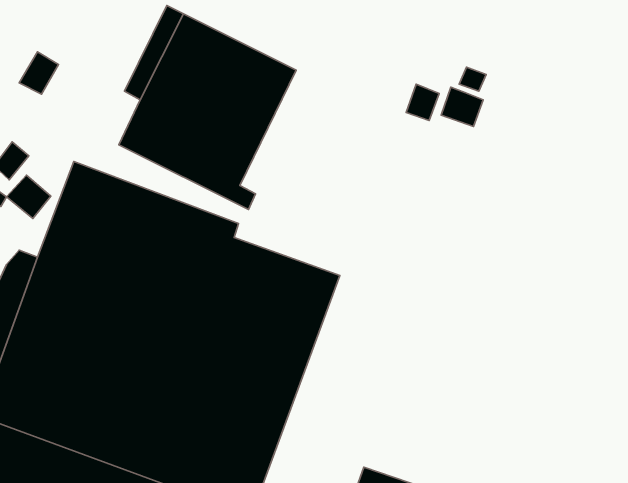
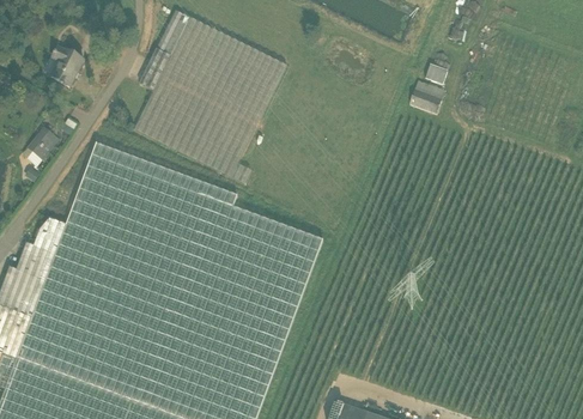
building: [406,84,439,120] -> none
building: [6,175,51,218] -> none

